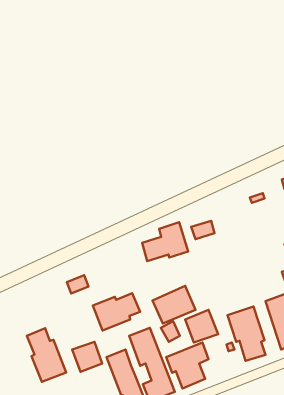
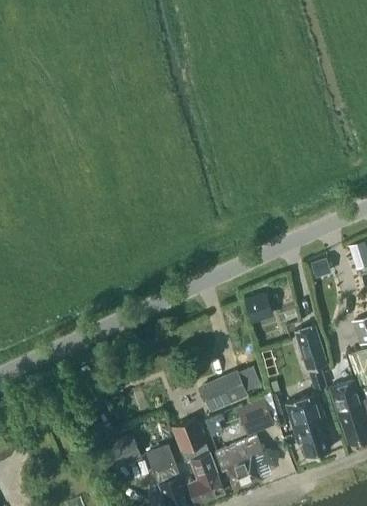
building: [142,222,188,261] -> none
building: none -> [295,325,327,372]
building: [93,293,140,330] -> none
building: [27,328,66,382] -> none

